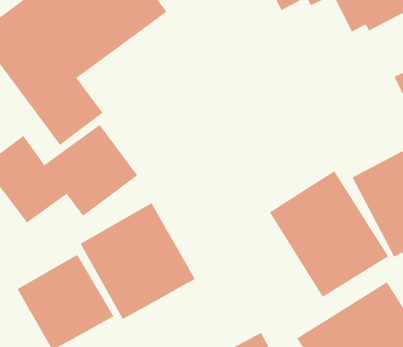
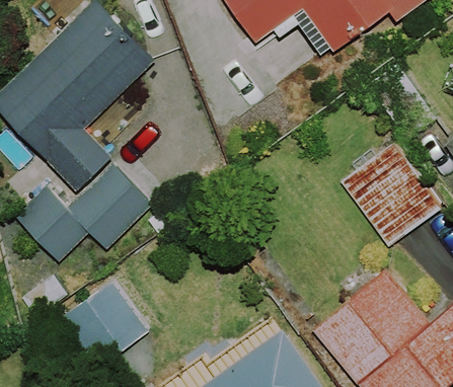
building: [269,170,389,298] -> none
building: [79,202,196,320] -> none

